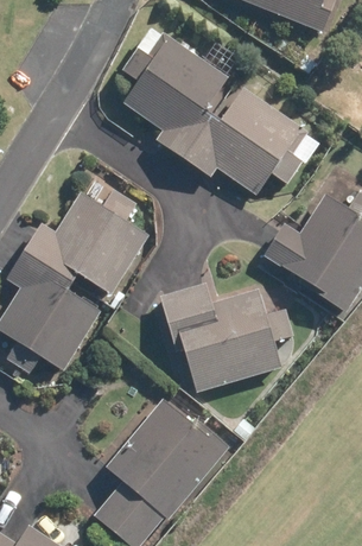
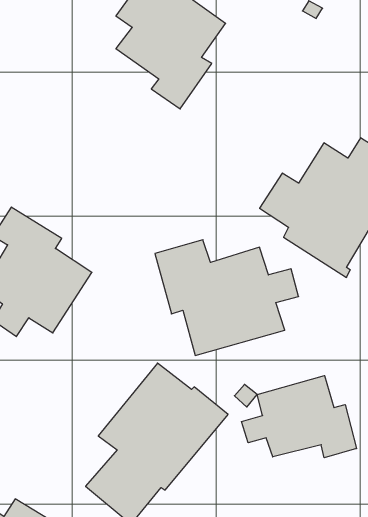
building: [183,85,318,193] -> none
building: [24,190,148,296] -> none
building: none -> [241,376,357,458]

